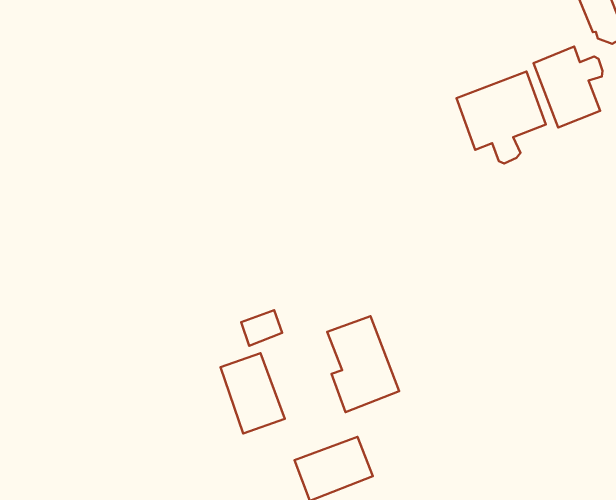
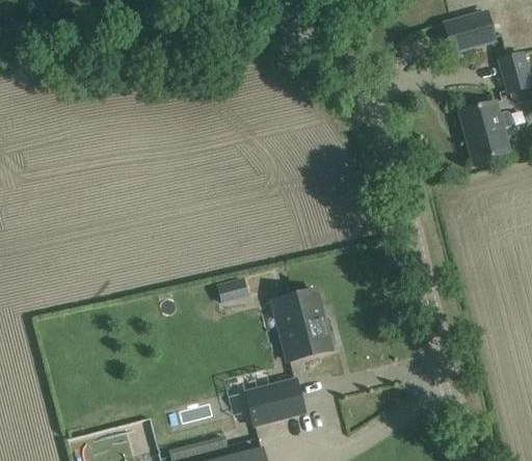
building: [457,71,546,163] -> none
building: [220,353,285,434] -> none

